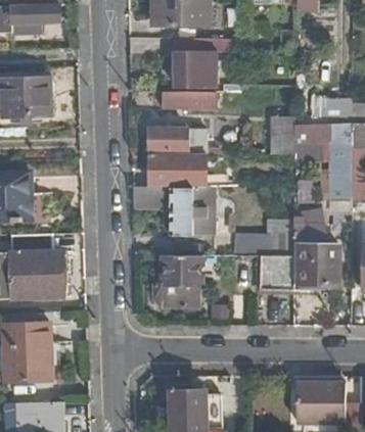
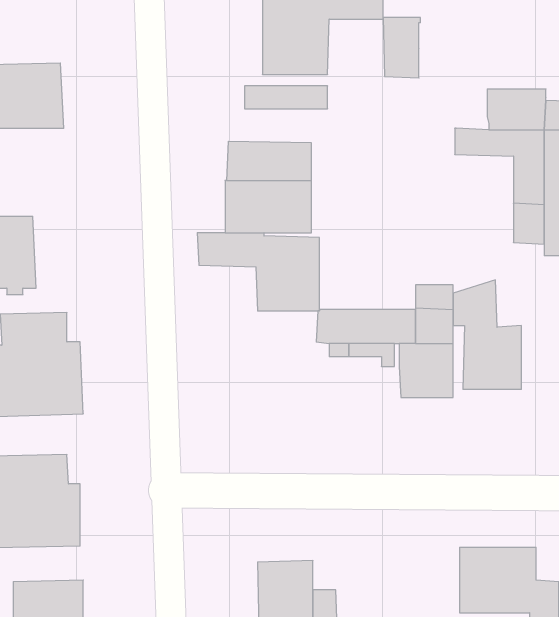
building: [271,117,294,155] -> [383,18,420,78]
building: [152,254,199,305] -> none

